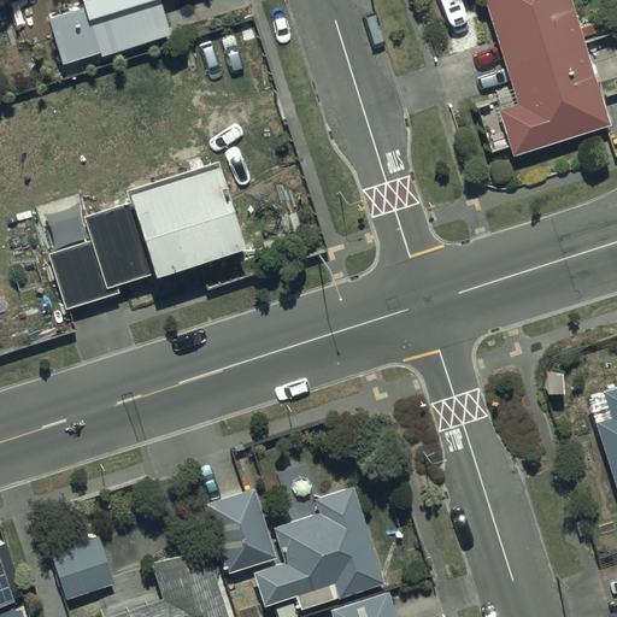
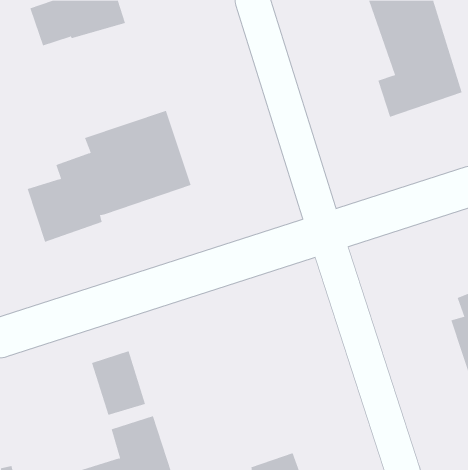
building: [254,487,387,611] -> none
building: [205,489,276,574] -> [91,351,146,415]
building: [53,539,116,601] -> none

